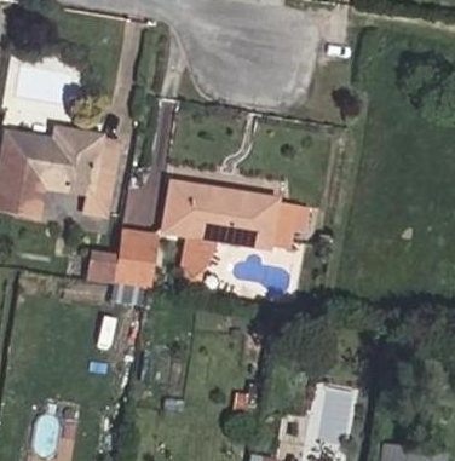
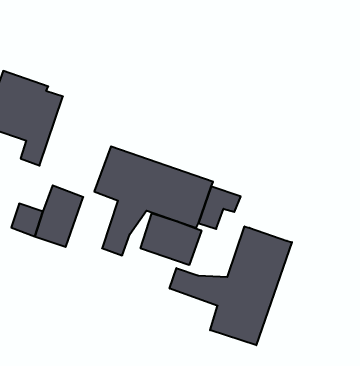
building: none -> [170,226,292,345]
building: none -> [141,213,201,265]

